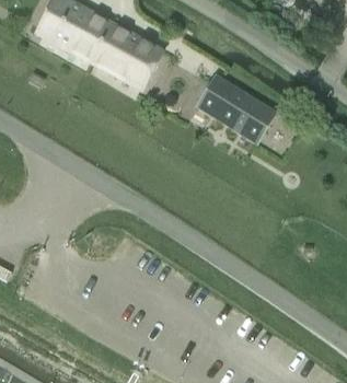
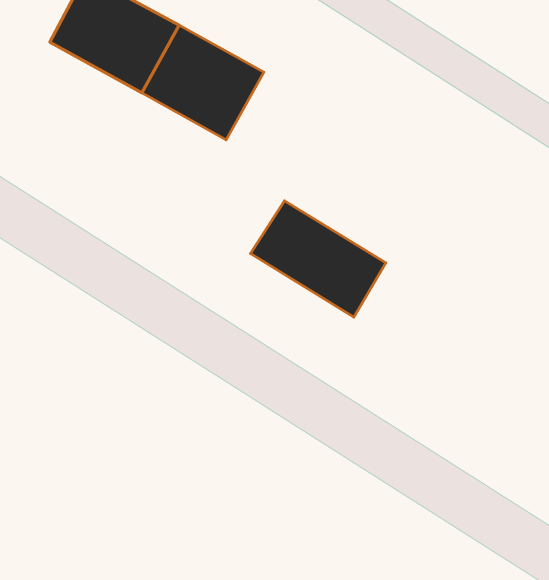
building: [197,74,276,142] -> [251,201,386,317]

